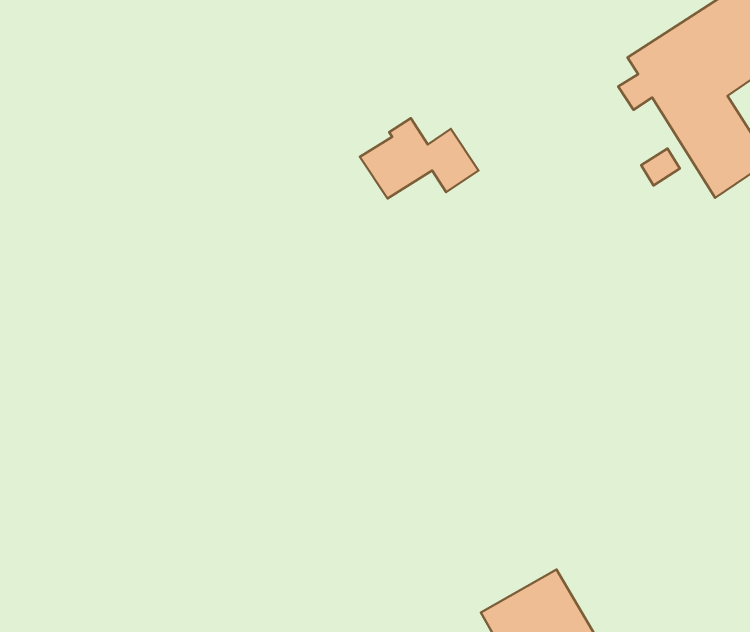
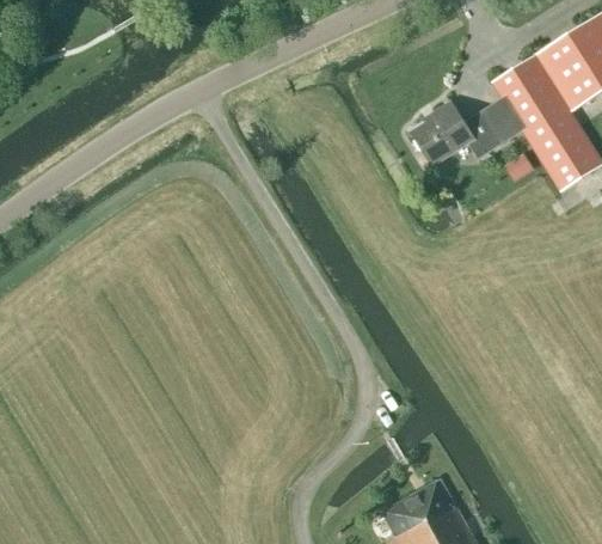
building: [360,118,479,198] -> [412,103,504,165]

